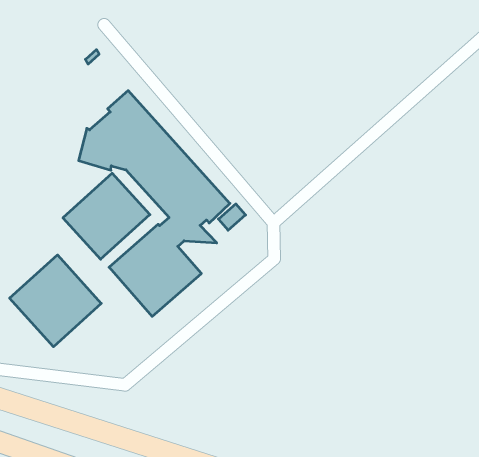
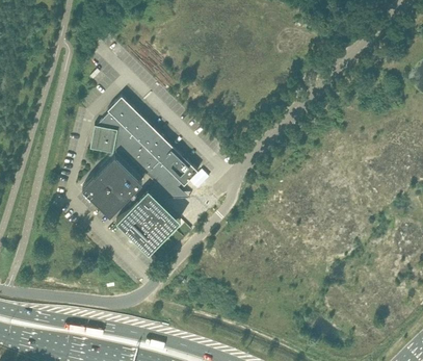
building: [10,255,101,347] -> none

